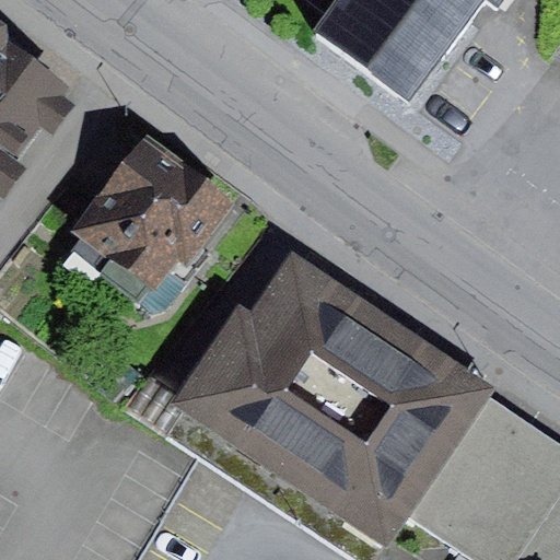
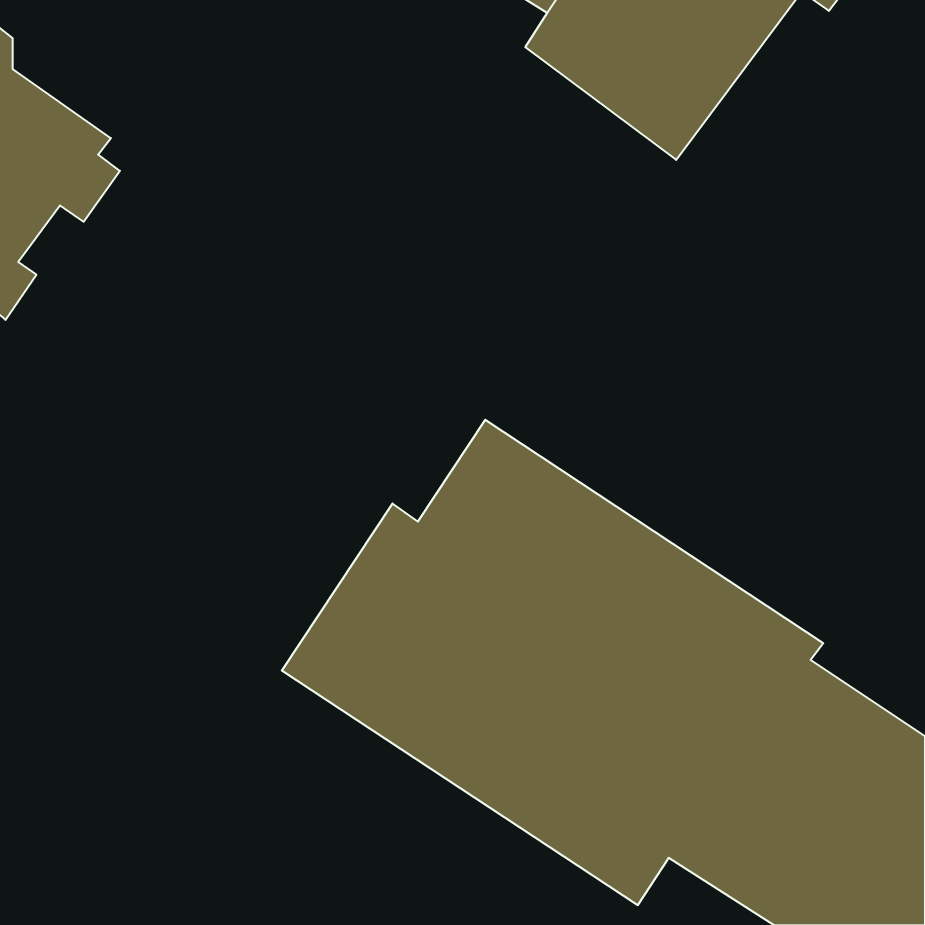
building: [73,133,240,301] -> none

